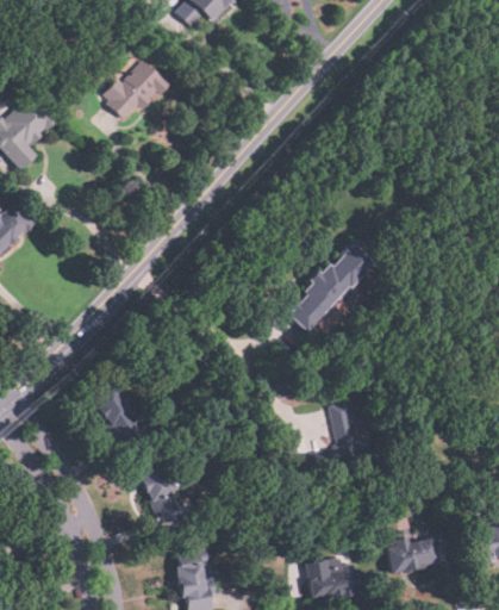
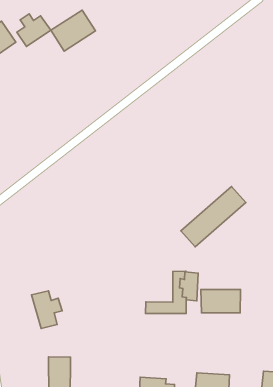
building: none -> [17,14,51,46]
building: [287,241,372,334] -> [181,187,246,247]
building: [95,385,141,440] -> none
building: none -> [201,289,241,313]

